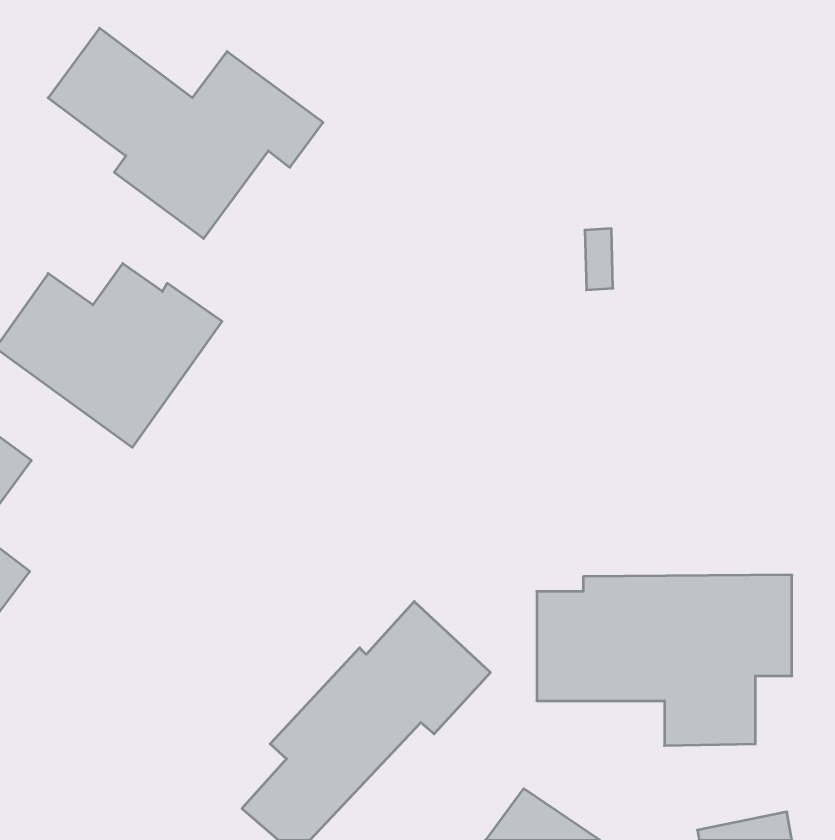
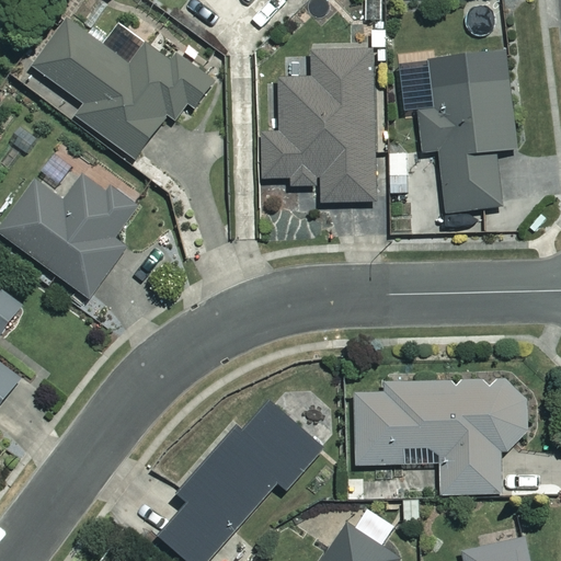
building: none -> [262,49,375,202]
building: none -> [417,55,515,210]

